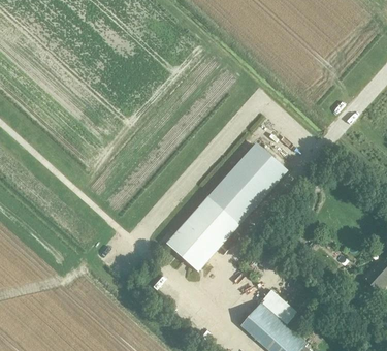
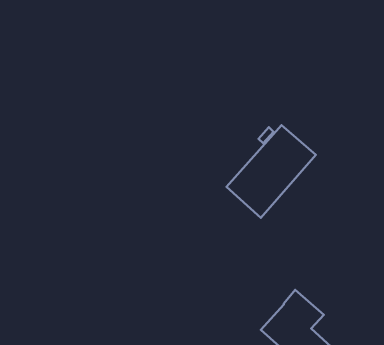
building: [166,196,239,272] -> none

